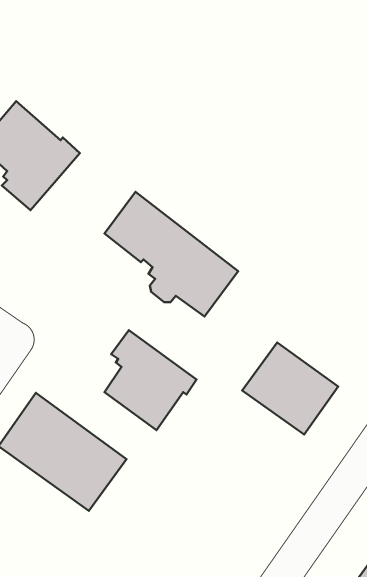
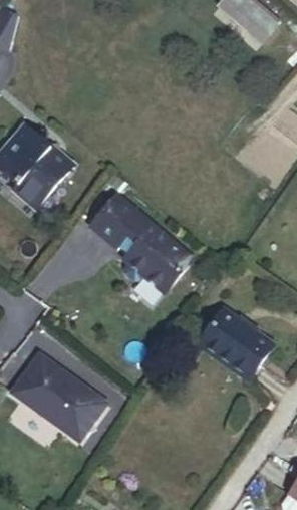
building: [105,330,197,430] -> none

